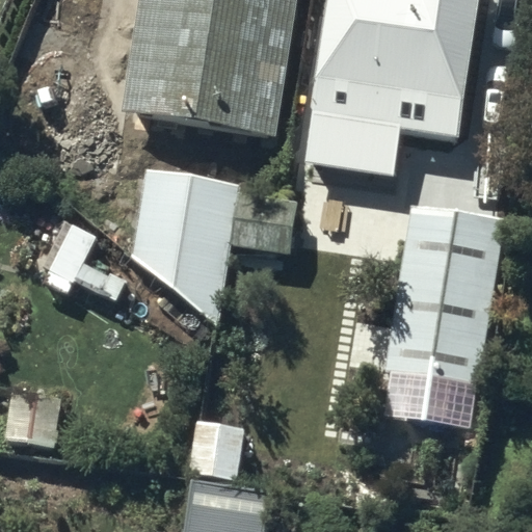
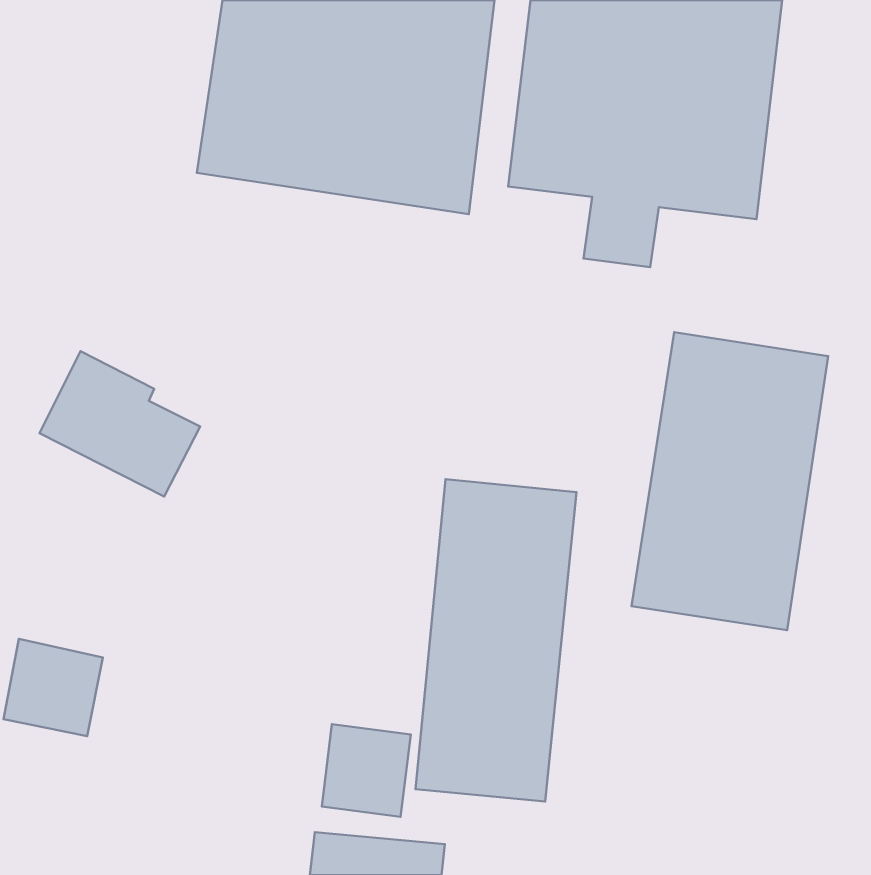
building: [134,187,292,343] -> none
building: none -> [416,479,577,802]

